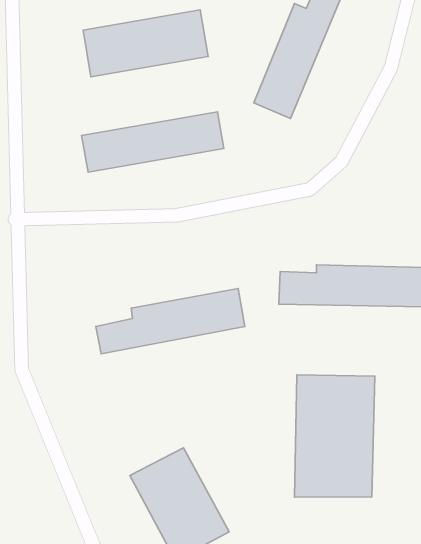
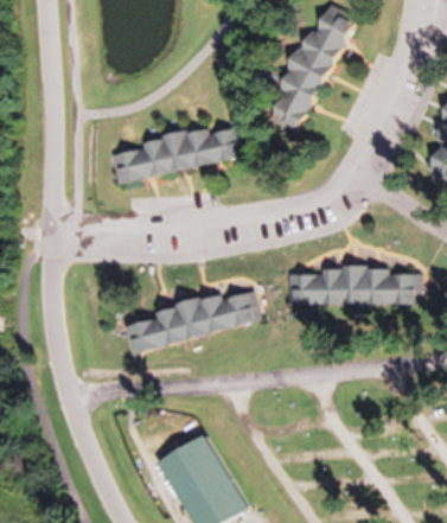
building: [83,10,208,77] -> none
building: [295,375,375,497] -> none

